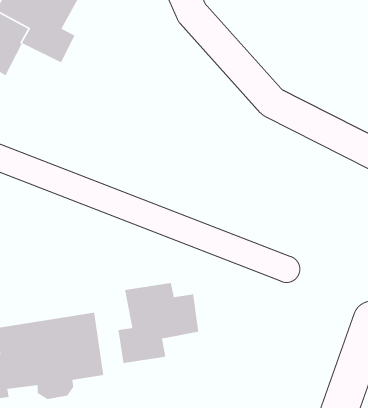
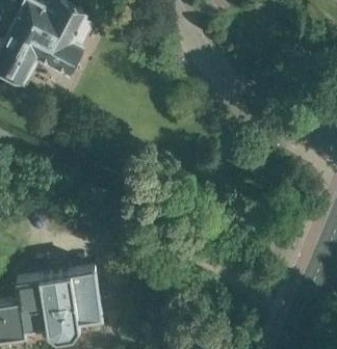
building: [117,282,199,364] -> none

